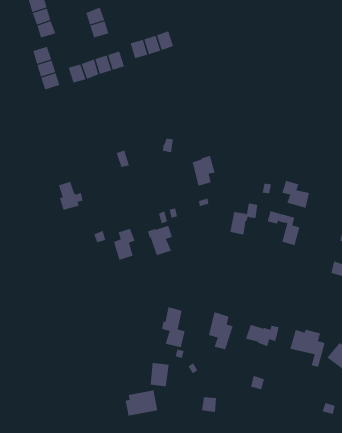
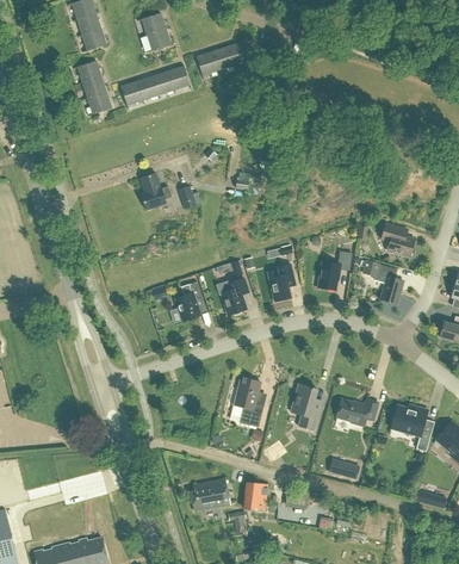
building: [192,155,215,187] -> [267,264,296,302]
building: [58,181,84,211] -> [139,173,170,209]
building: [150,362,169,387] -> [244,481,268,510]

